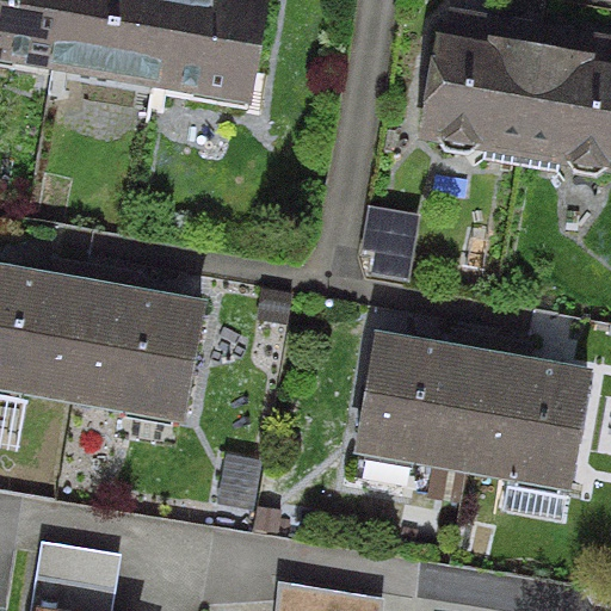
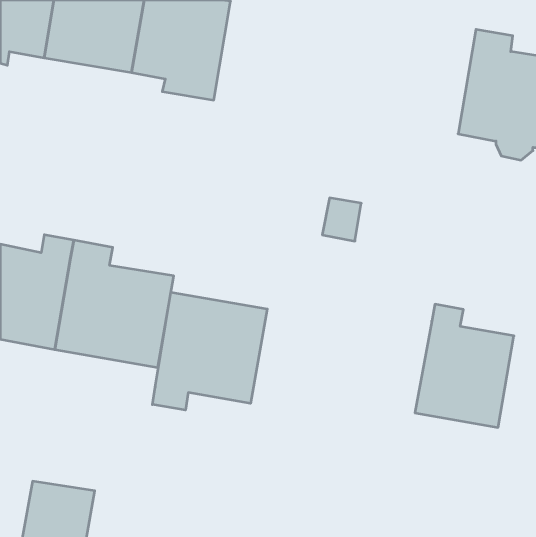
building: [424,27,542,159] -> none
building: none -> [152,292,267,410]
building: [356,338,495,469] -> none

